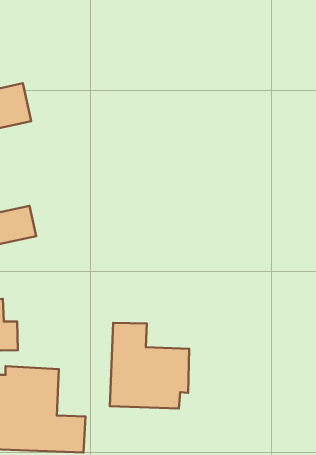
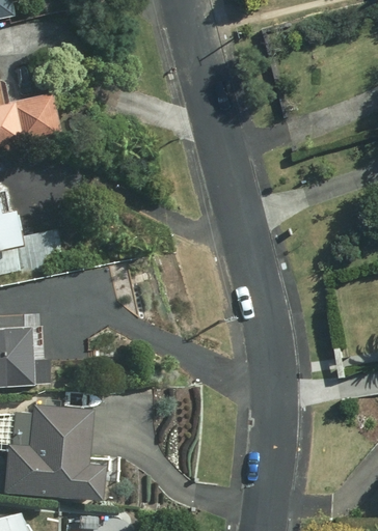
building: [110,323,189,409] -> none

